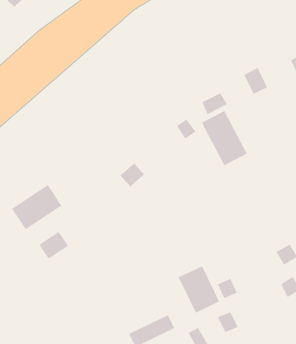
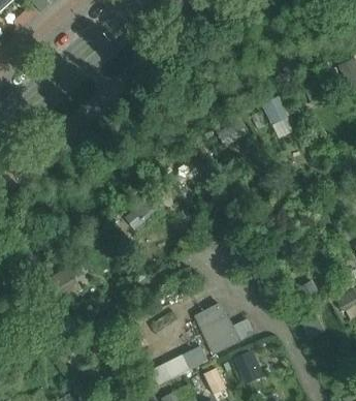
building: [201,110,247,166] -> none
building: [11,184,62,230] -> none

